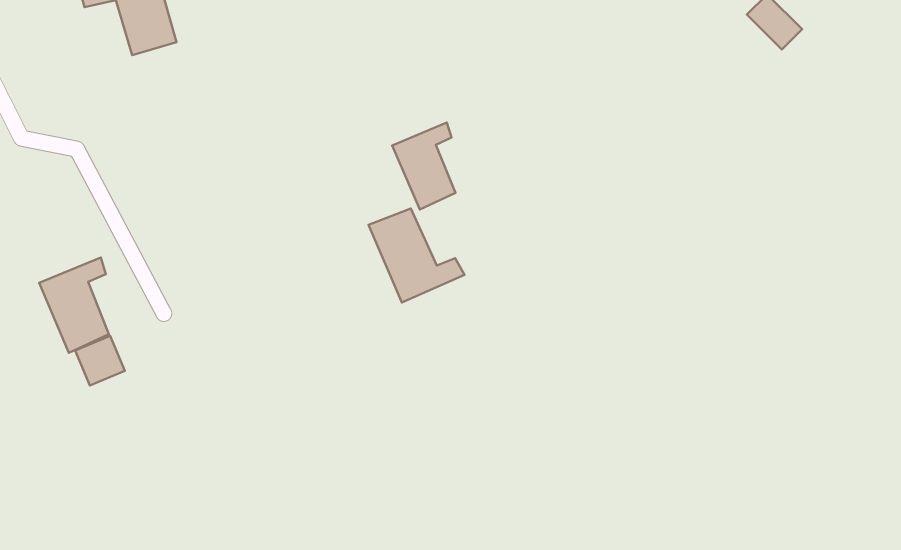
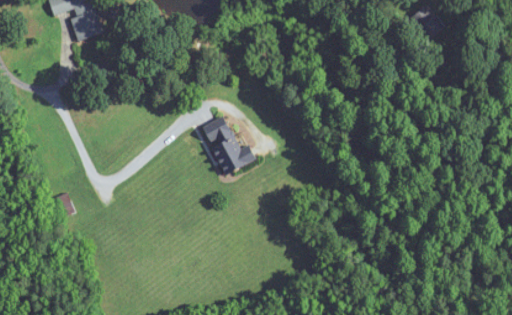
building: [392,123,455,209] -> none
building: [39,258,109,353] -> none

